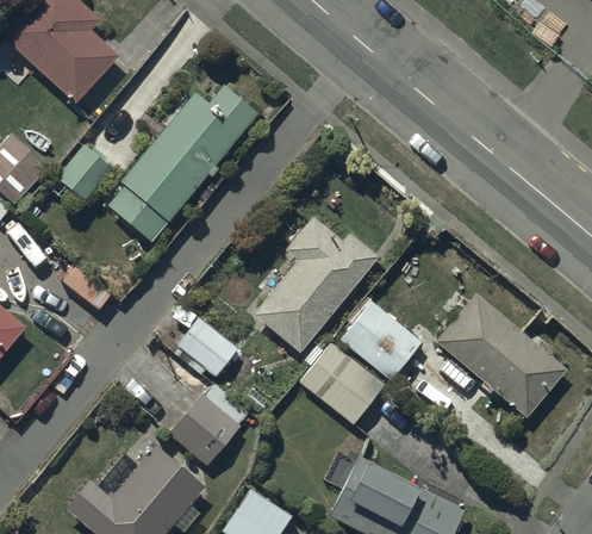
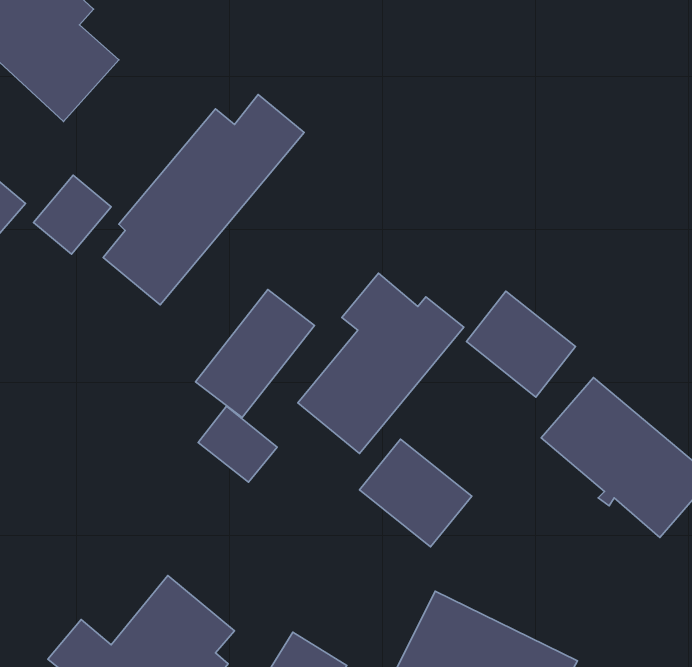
building: none -> [196,290,314,418]
building: [339,300,422,380] -> [466,291,576,397]
building: [169,385,249,467] -> none

